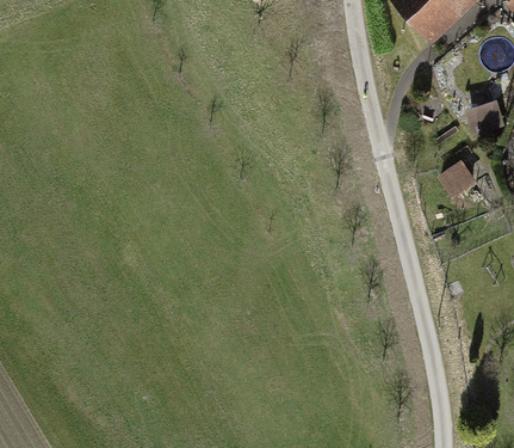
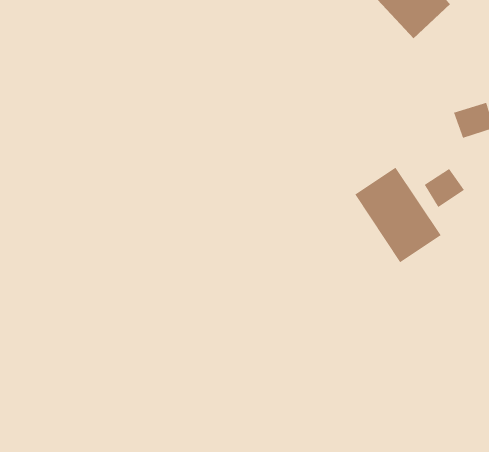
building: none -> [354,167,442,263]

